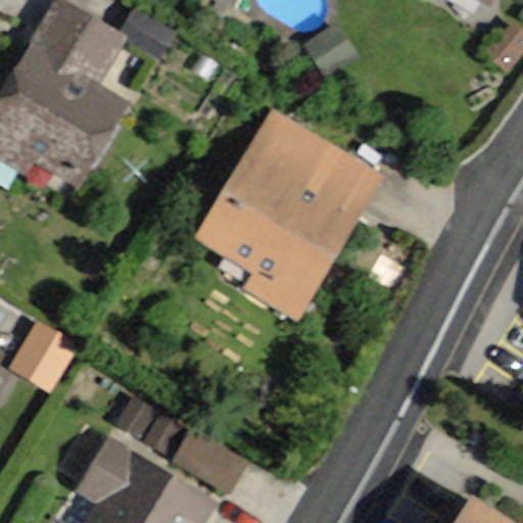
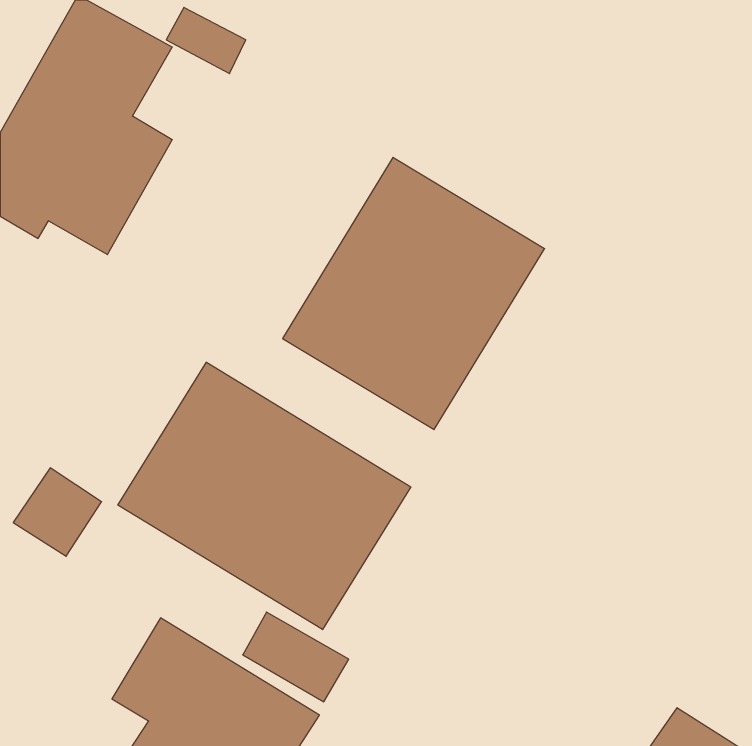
building: none -> [118,362,411,630]

